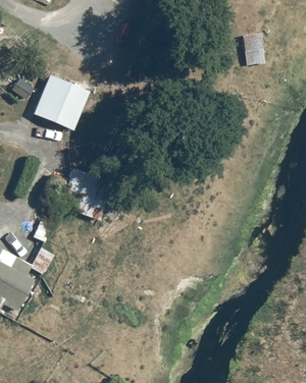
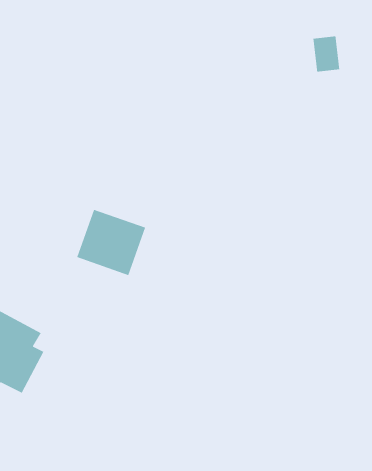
building: [33,75,90,130] -> none

